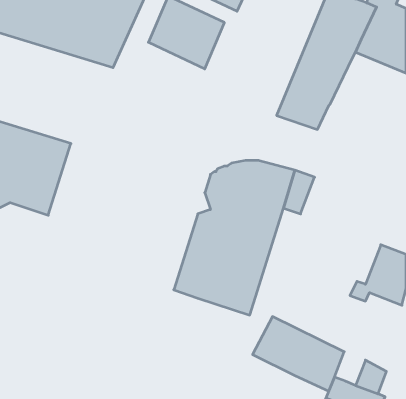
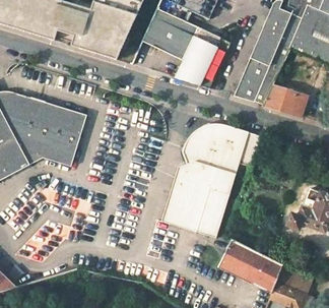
building: none -> [174,26,232,87]
building: none -> [264,85,305,115]

